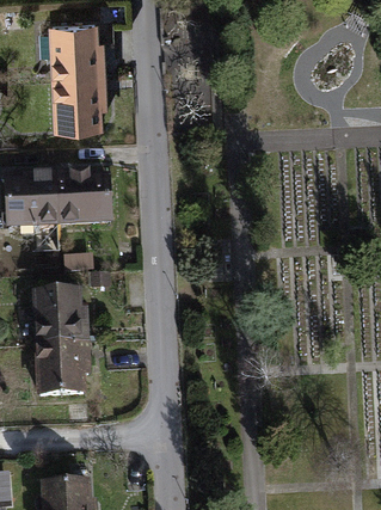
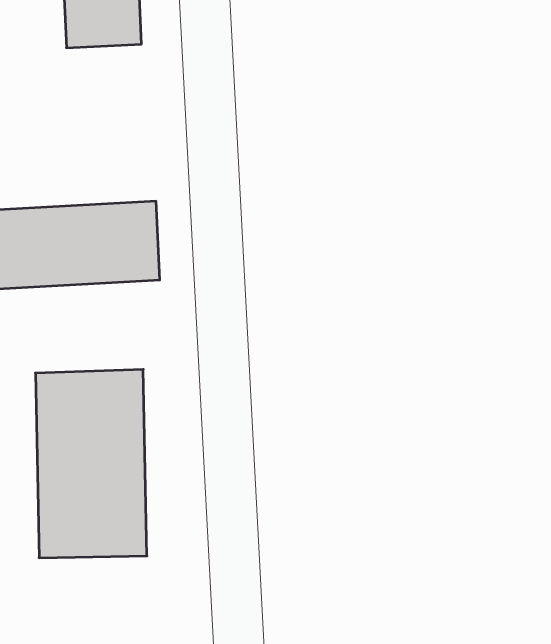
building: [55,73,105,127] -> none

